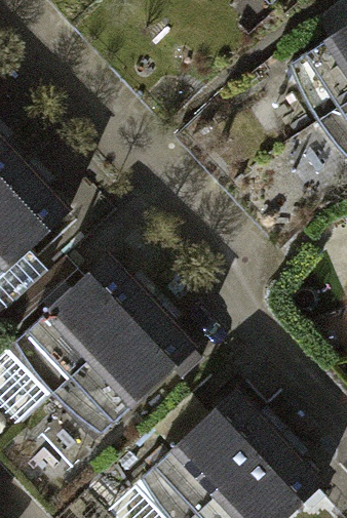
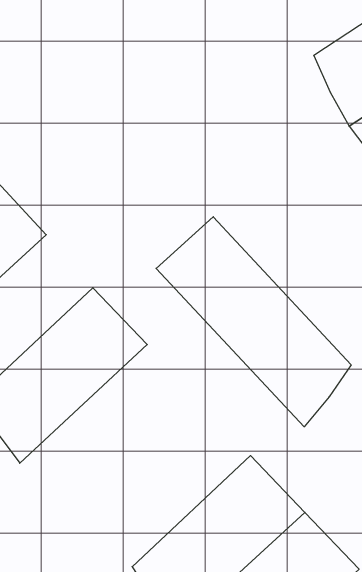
building: none -> [156,217,351,427]
building: [50,300,198,437] -> none

